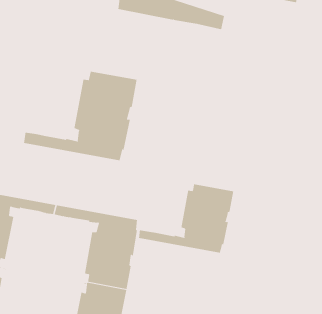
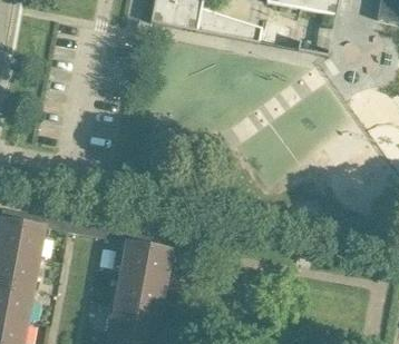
building: [23,71,137,161] -> none
building: [138,184,234,254] -> none

